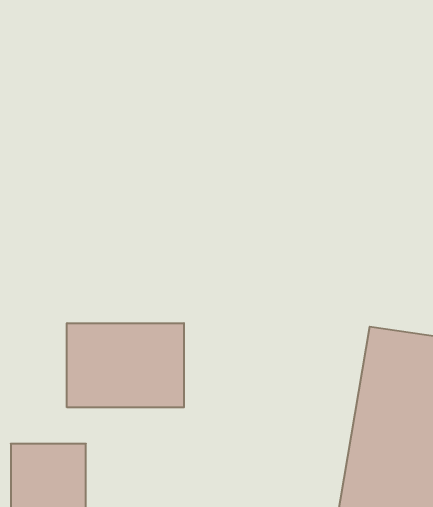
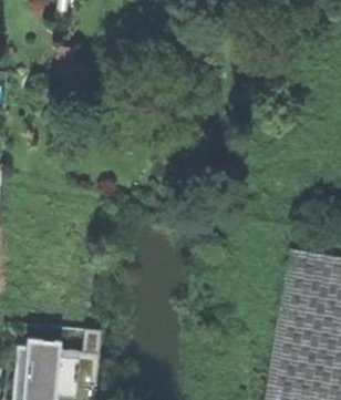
building: [67,323,184,407] -> none

